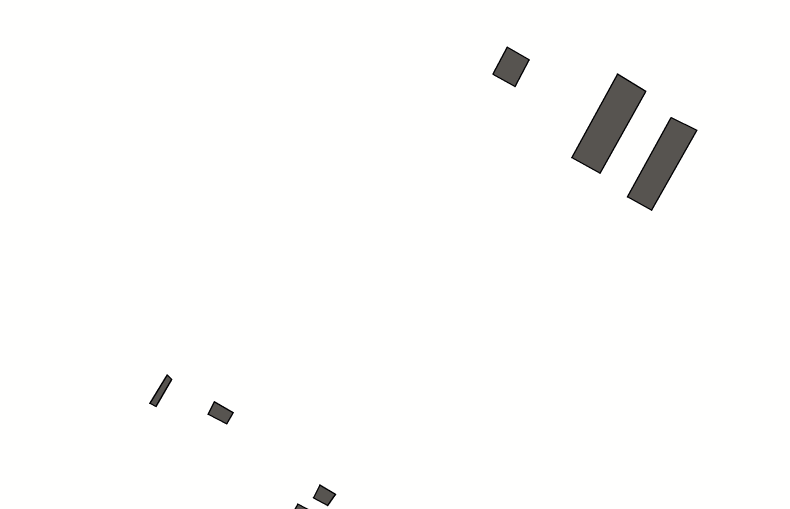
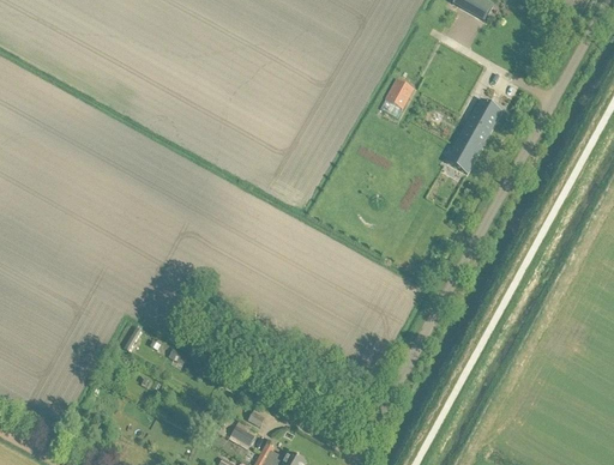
building: [627,118,697,210] -> none

